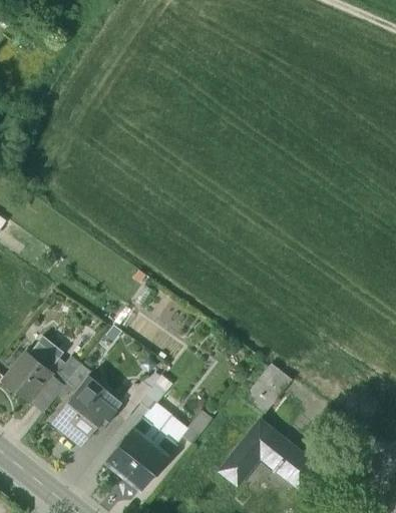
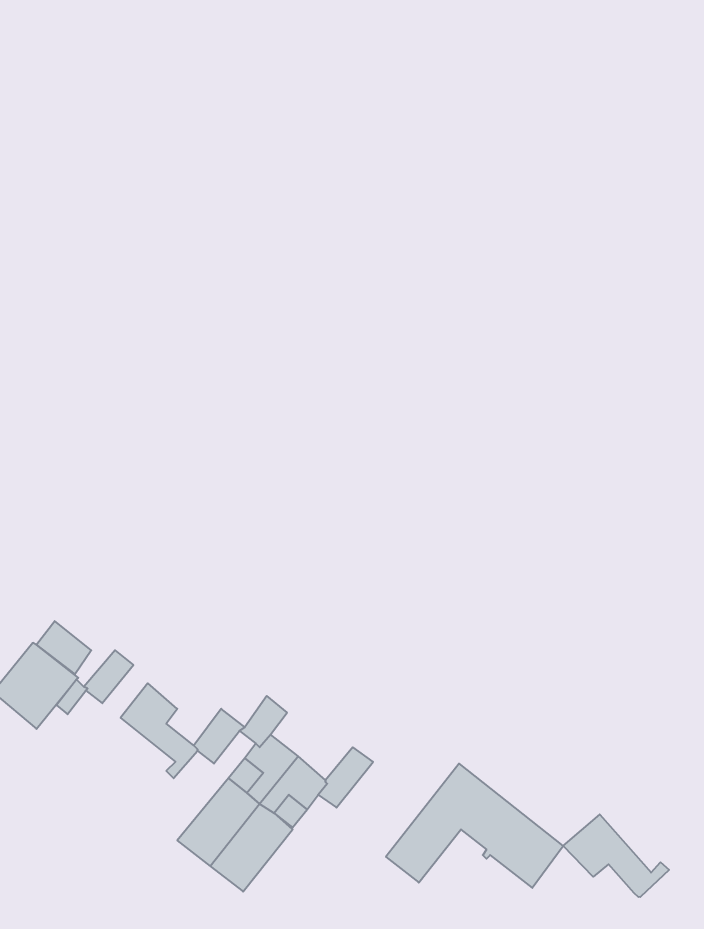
building: [244,364,293,416] -> none
building: [53,395,104,443] -> none
building: none -> [563,814,669,897]

